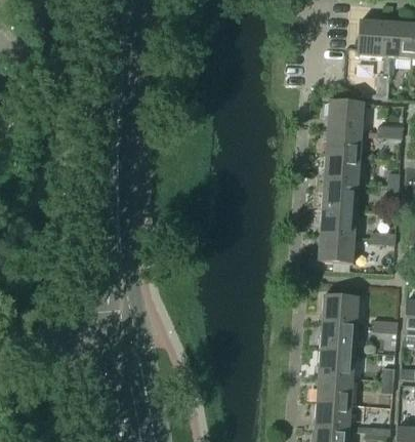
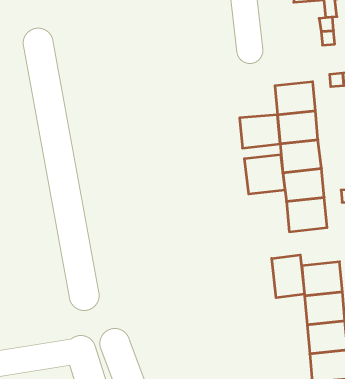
building: [326,99,363,129] -> [240,115,280,148]
building: none -> [244,155,285,194]
building: none -> [272,255,304,298]

